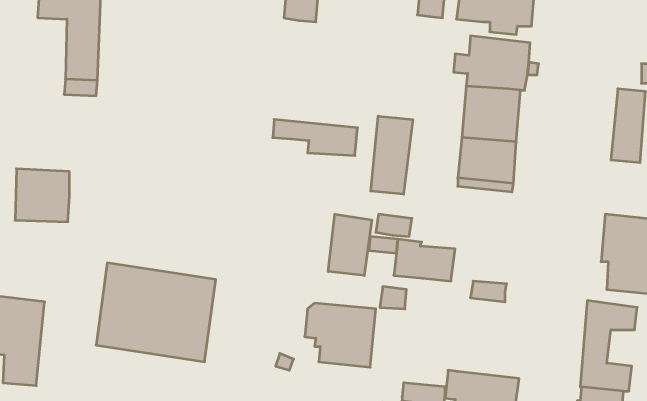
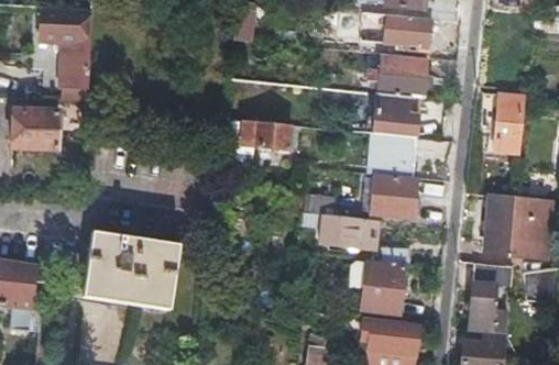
building: [371,116,413,194] -> none
building: [15,169,69,222] -> [13,108,56,150]
building: none -> [372,176,416,215]
building: [328,214,372,276] -> none
building: [305,303,376,367] -> [350,263,406,313]

